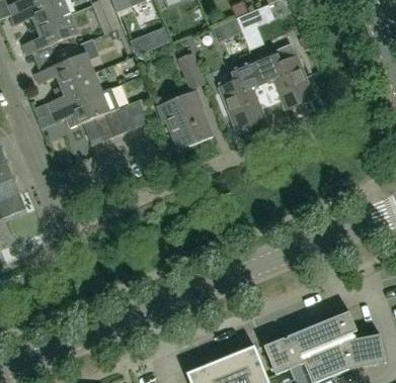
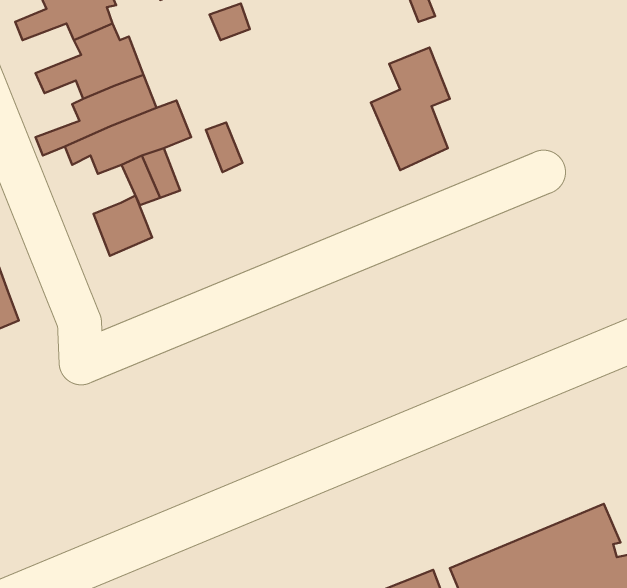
building: [252,45,312,106] -> none
building: [178,53,205,90] -> none
building: [158,92,212,150] -> none
building: [105,104,138,137] -> [93,195,152,256]

